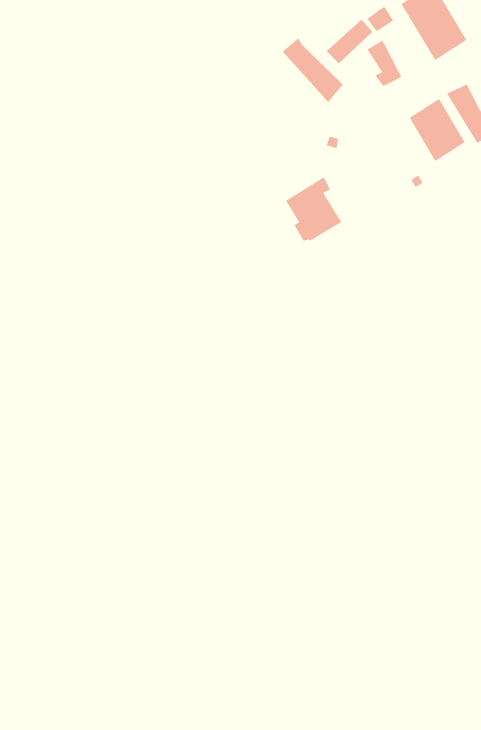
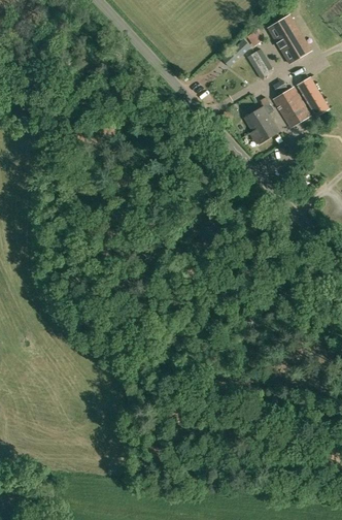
building: [282,37,344,103] -> none
building: [285,177,342,242] -> [245,101,281,142]

